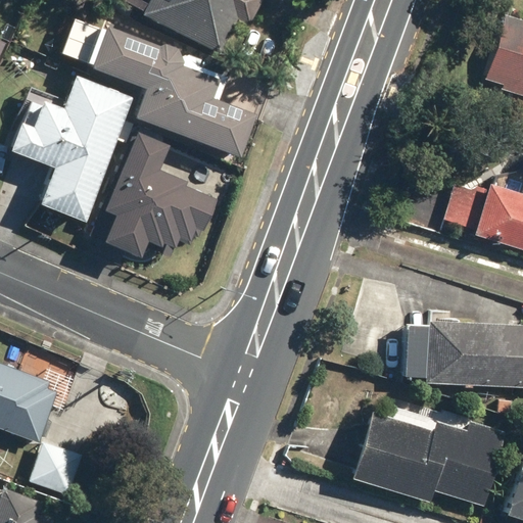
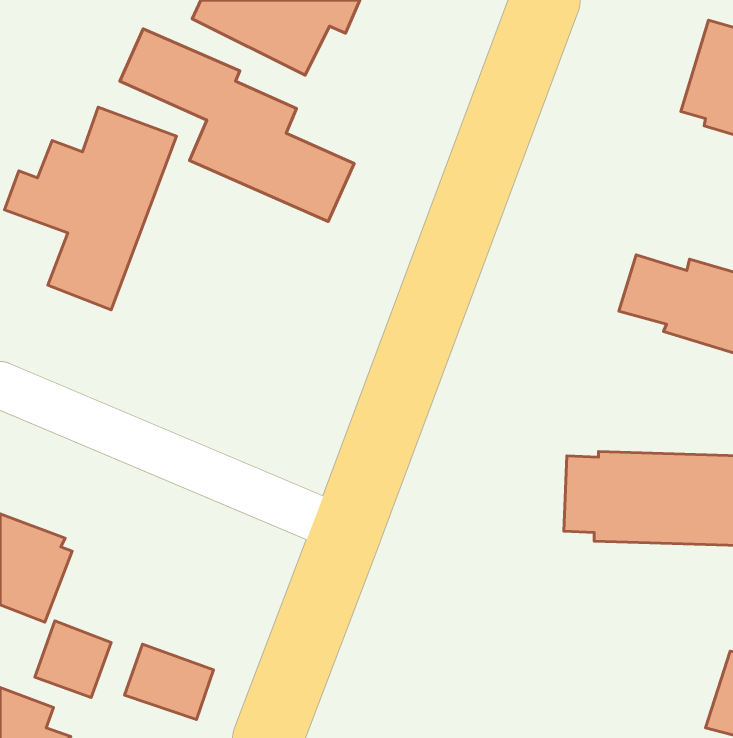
building: [110,134,229,258] -> none
building: [348,411,506,506] -> none
building: none -> [124,644,214,720]

